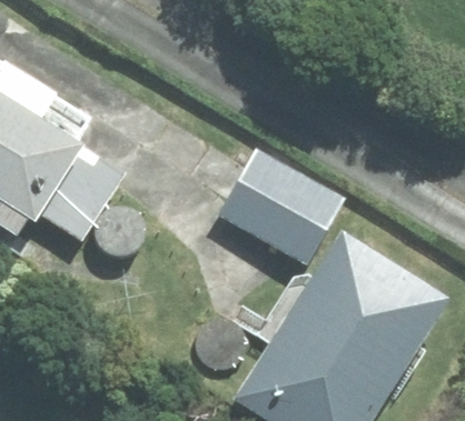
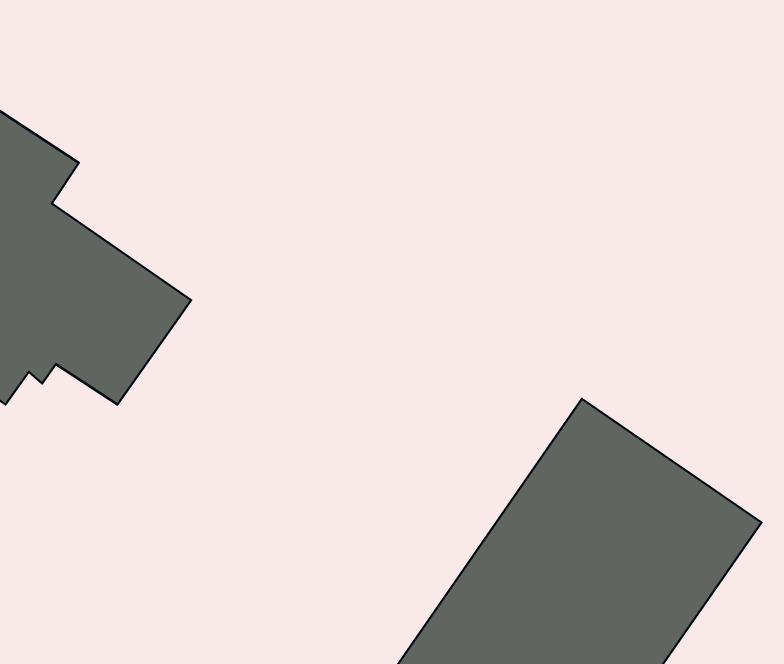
building: [216,147,343,261] -> none

